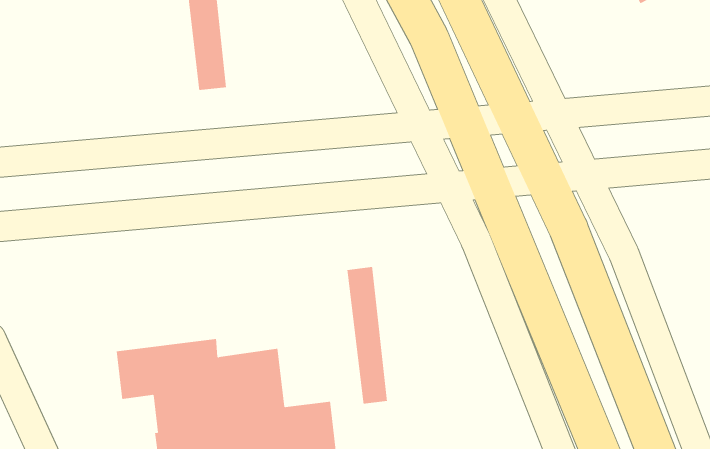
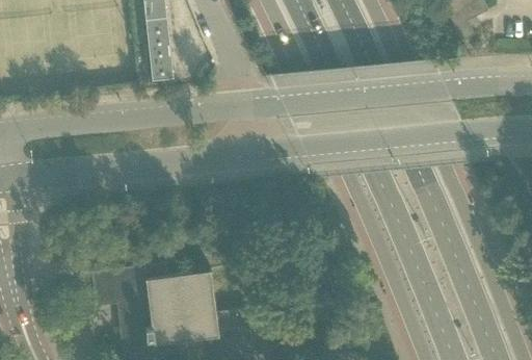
building: [347,266,388,405] -> none

